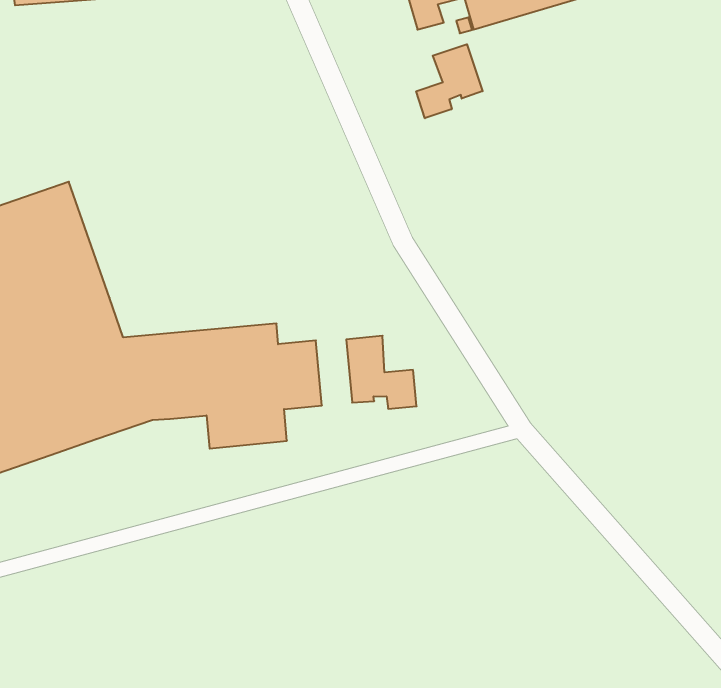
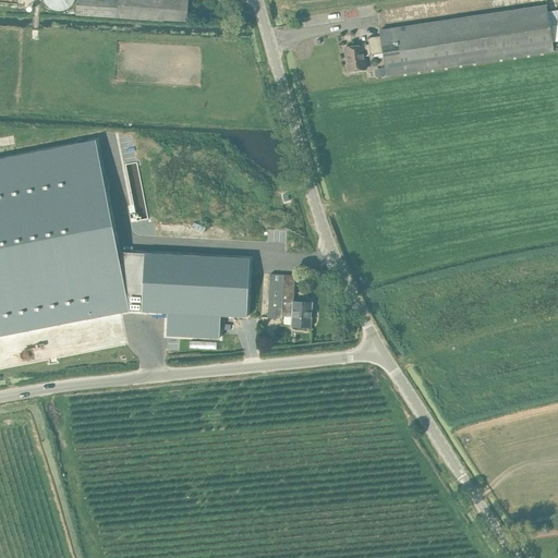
building: [416,44,483,118] -> none

